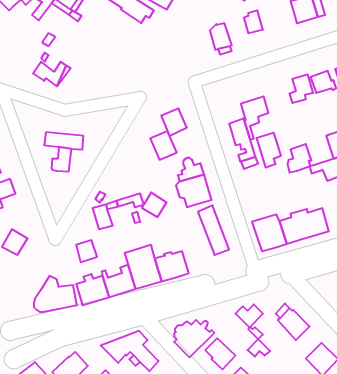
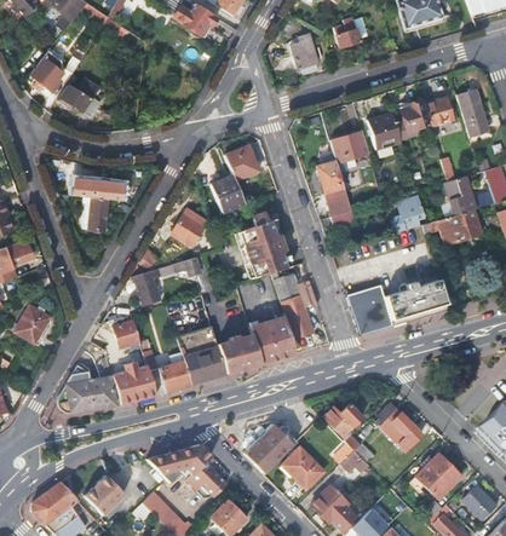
building: none -> [29,53,59,92]
building: [256,133,281,168] -> [368,111,401,157]
building: [142,192,167,217] -> [171,215,203,248]
building: none -> [252,317,297,363]

